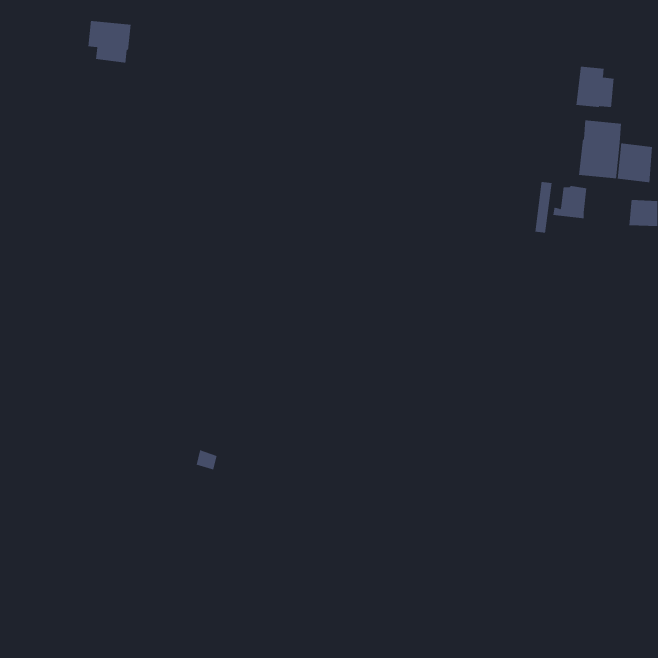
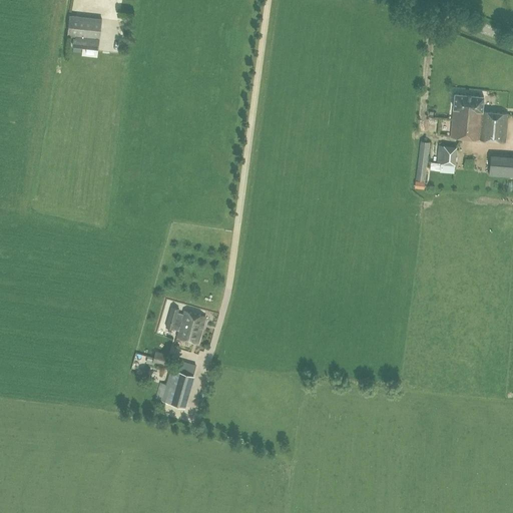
building: [576,66,614,108] -> none
building: none -> [166,307,206,343]
building: none -> [155,359,195,407]

